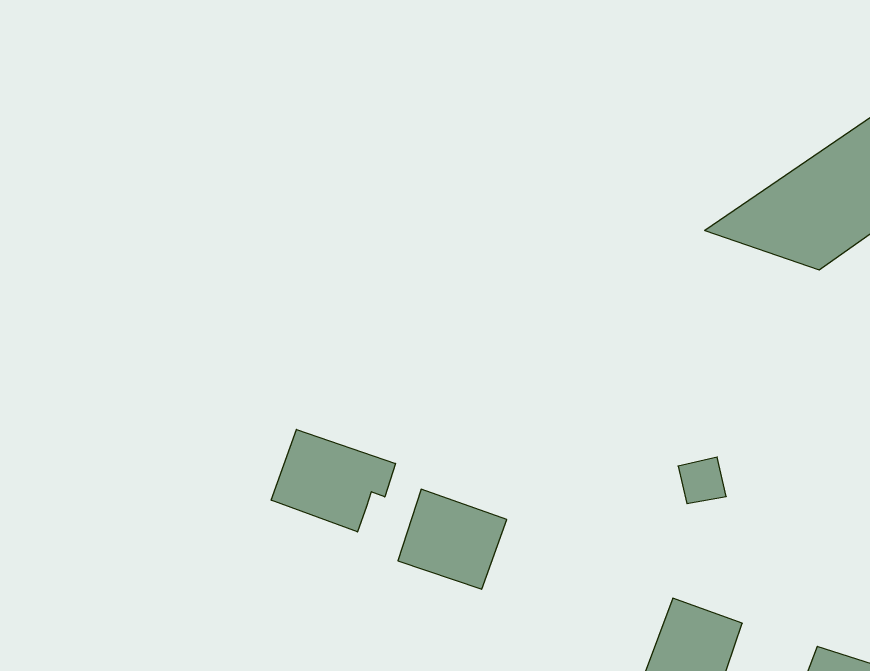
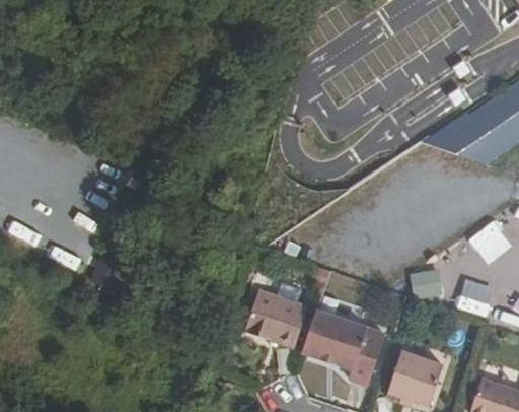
building: [271,429,395,532] -> none
building: none -> [305,306,386,377]

